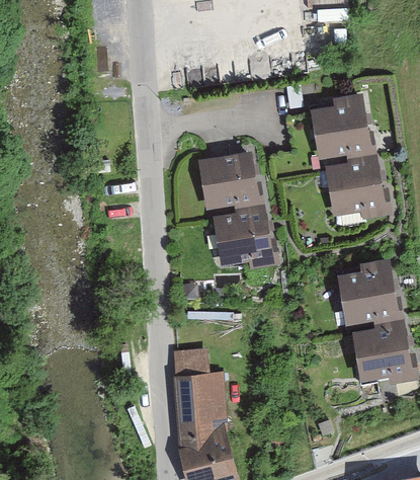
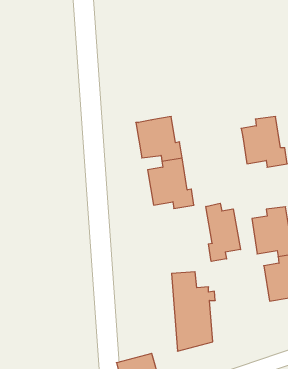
building: [317,97,372,157] -> none
building: none -> [206,203,241,261]
building: [174,354,227,450] -> [172,272,215,351]

